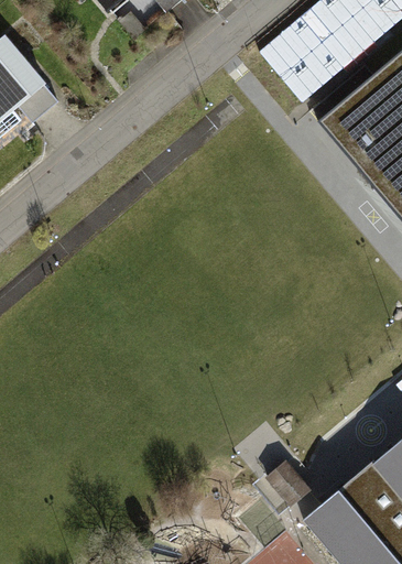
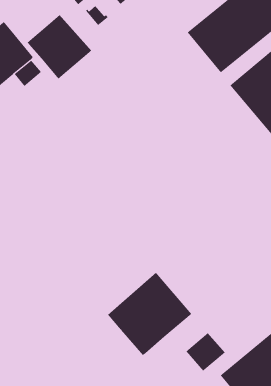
building: none -> [27,14,92,80]
building: none -> [107,272,192,356]

